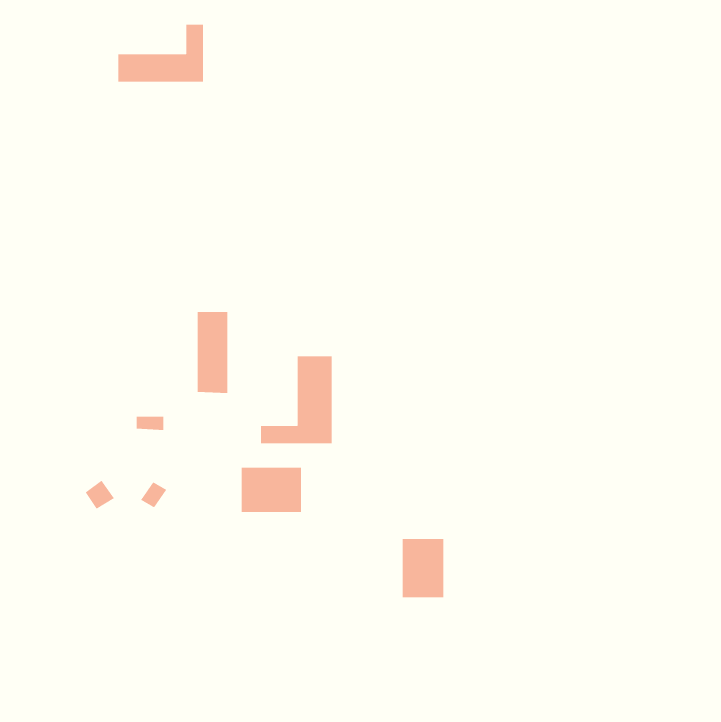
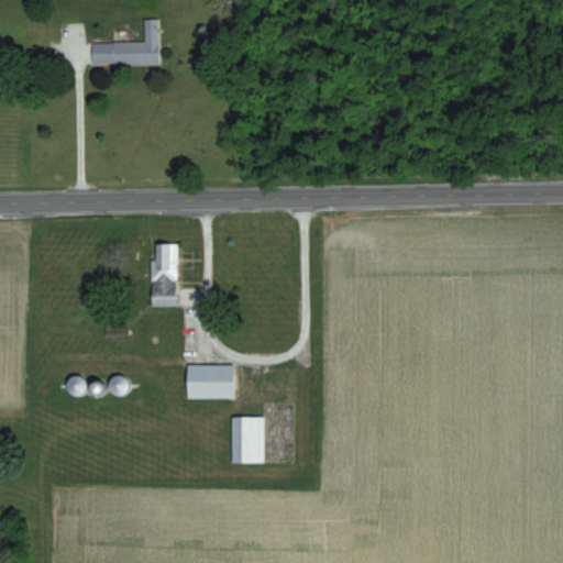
building: [260,355,332,444] -> none
building: [402,539,444,598] -> [231,417,264,463]

